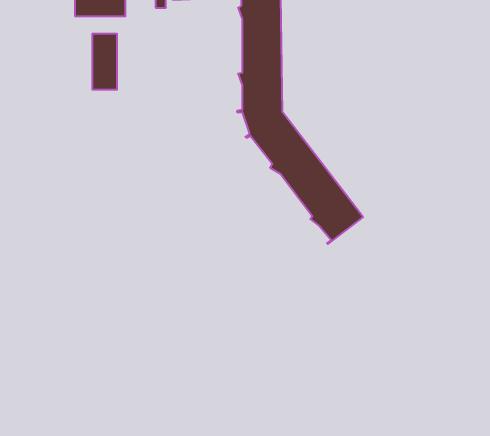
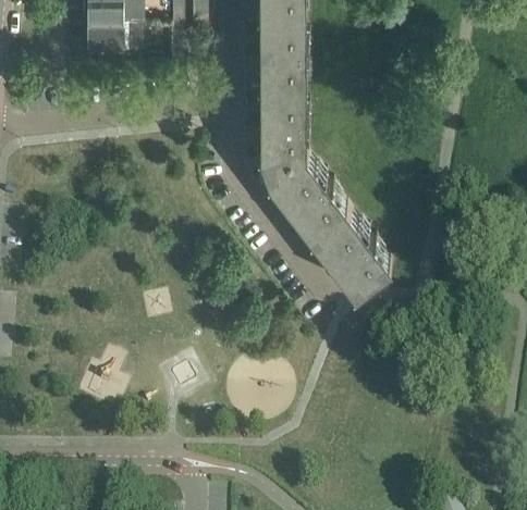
building: [92,34,117,90] -> none

